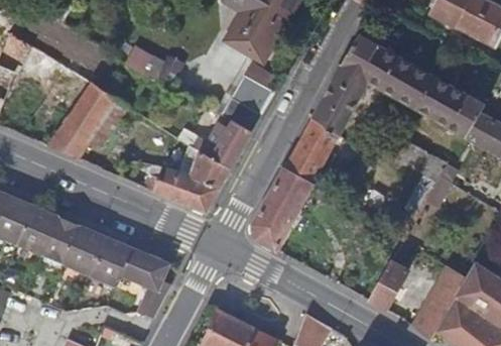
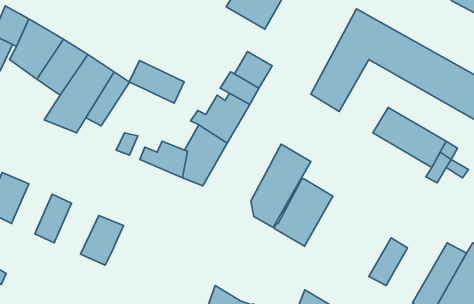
building: [125,41,179,84] -> [129,61,184,103]
building: [282,117,341,185] -> [274,178,333,246]
building: [16,207,56,256] -> none
building: [58,226,103,276] -> none
building: [115,248,167,320] -> none

